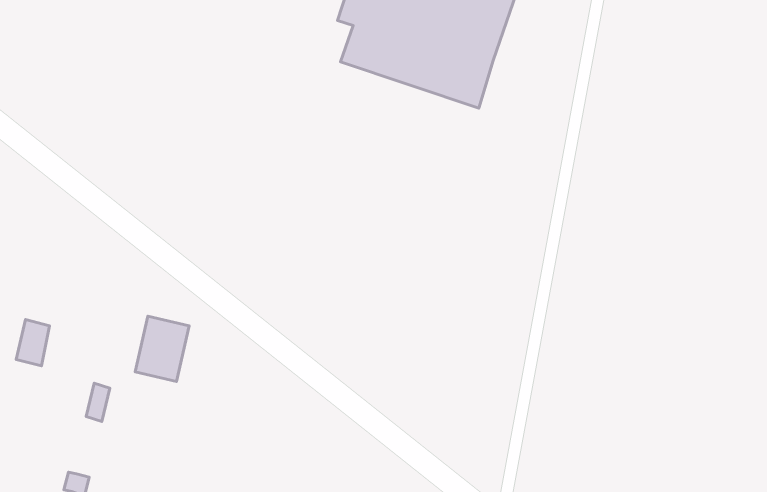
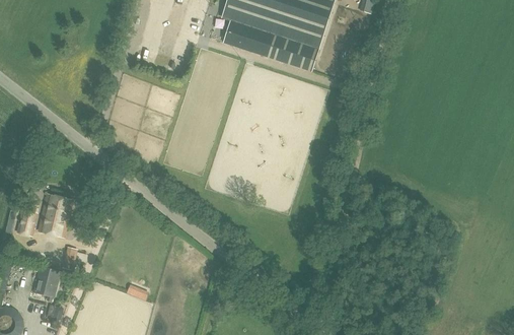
building: [135,316,189,381] -> [38,194,72,236]
building: none -> [33,266,60,300]

